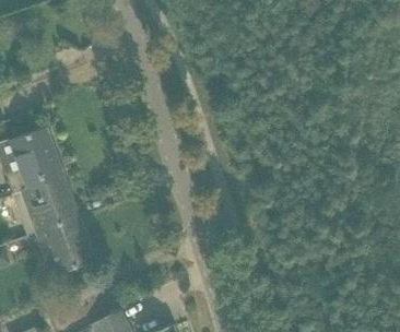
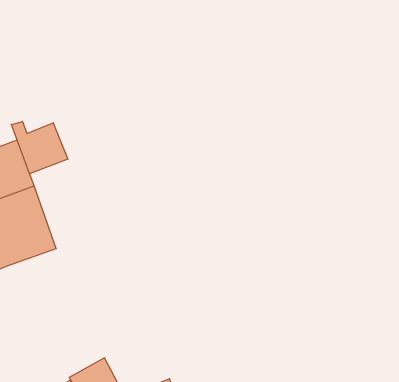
building: none -> [11,121,68,174]
building: [36,217,94,274] -> none

